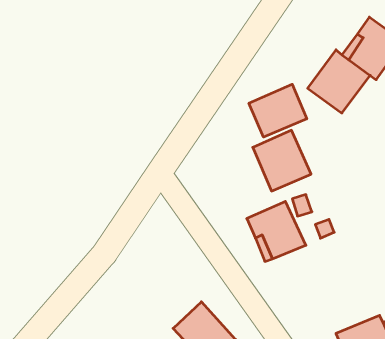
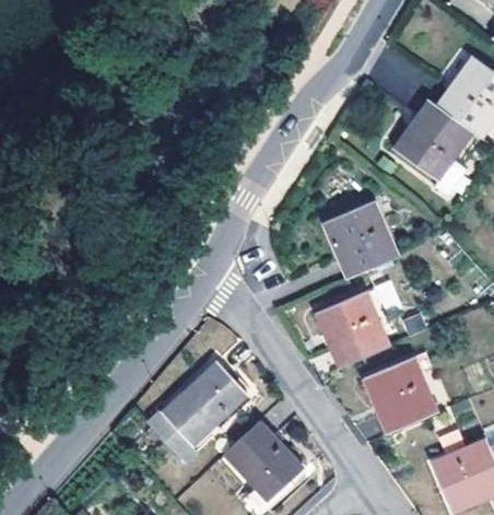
building: [249,84,307,137] -> none
building: none -> [363,358,437,434]
building: none -> [157,360,244,444]

